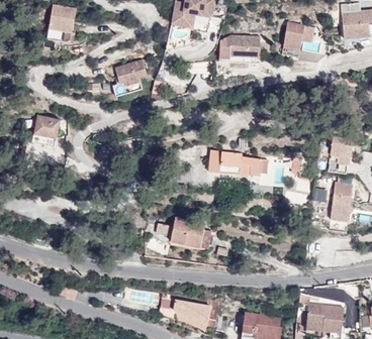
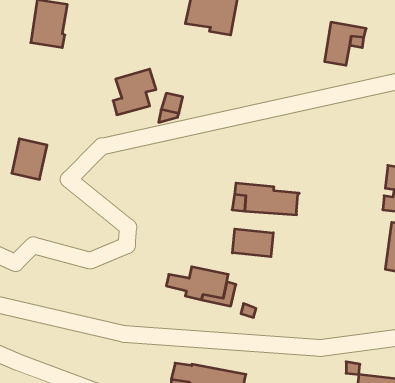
building: [219,35,261,63] -> none
building: none -> [232,229,273,257]

